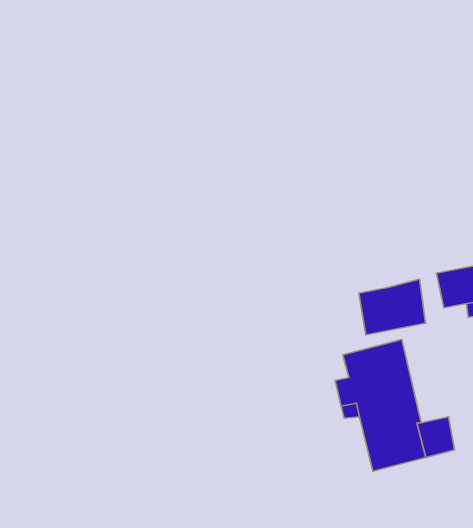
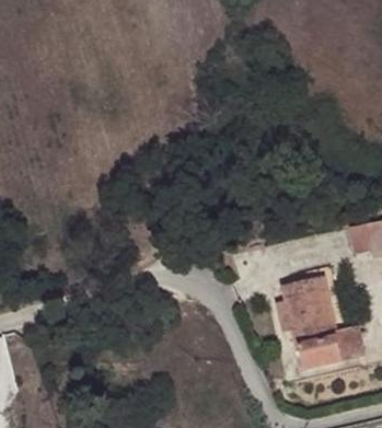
building: [359,279,425,335] -> none

